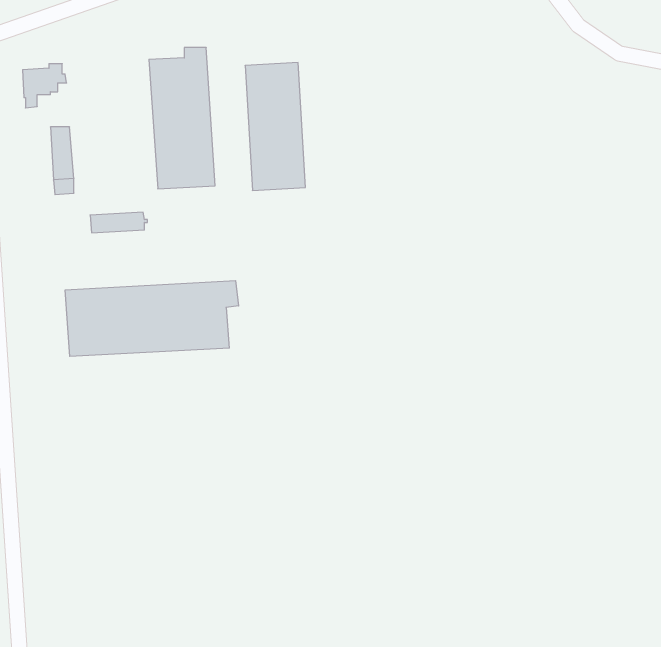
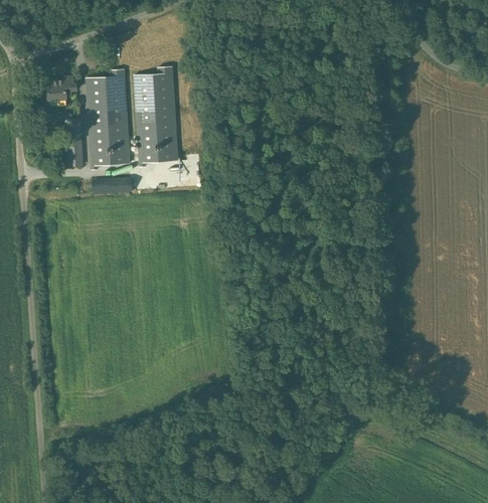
building: [245,63,305,190] -> [88,77,129,165]
building: [65,281,239,356] -> none

